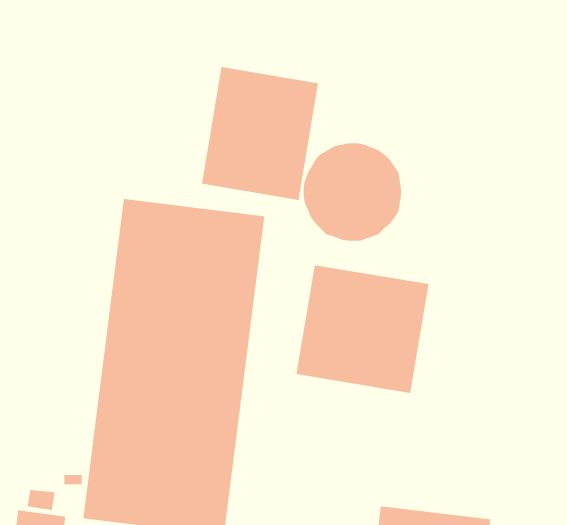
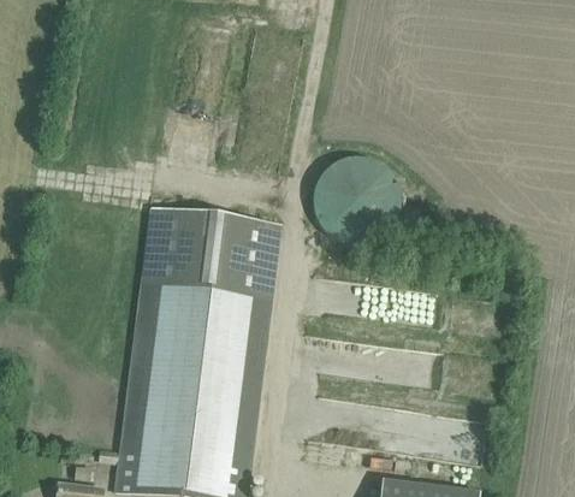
building: [201,66,319,201] -> none
building: [296,264,430,394] -> none

